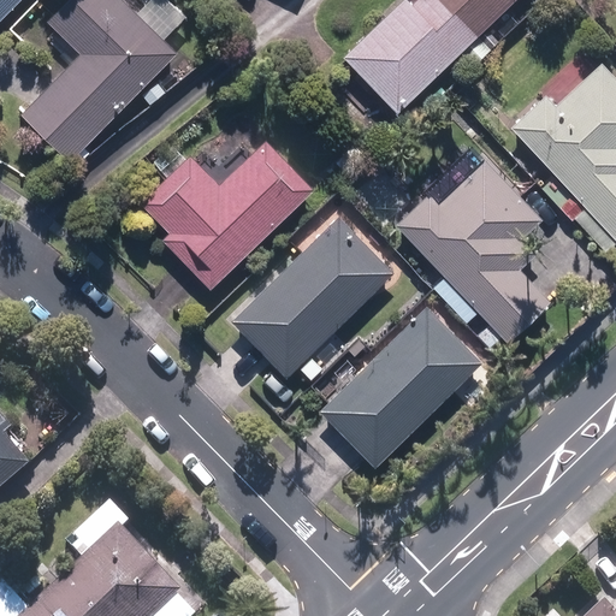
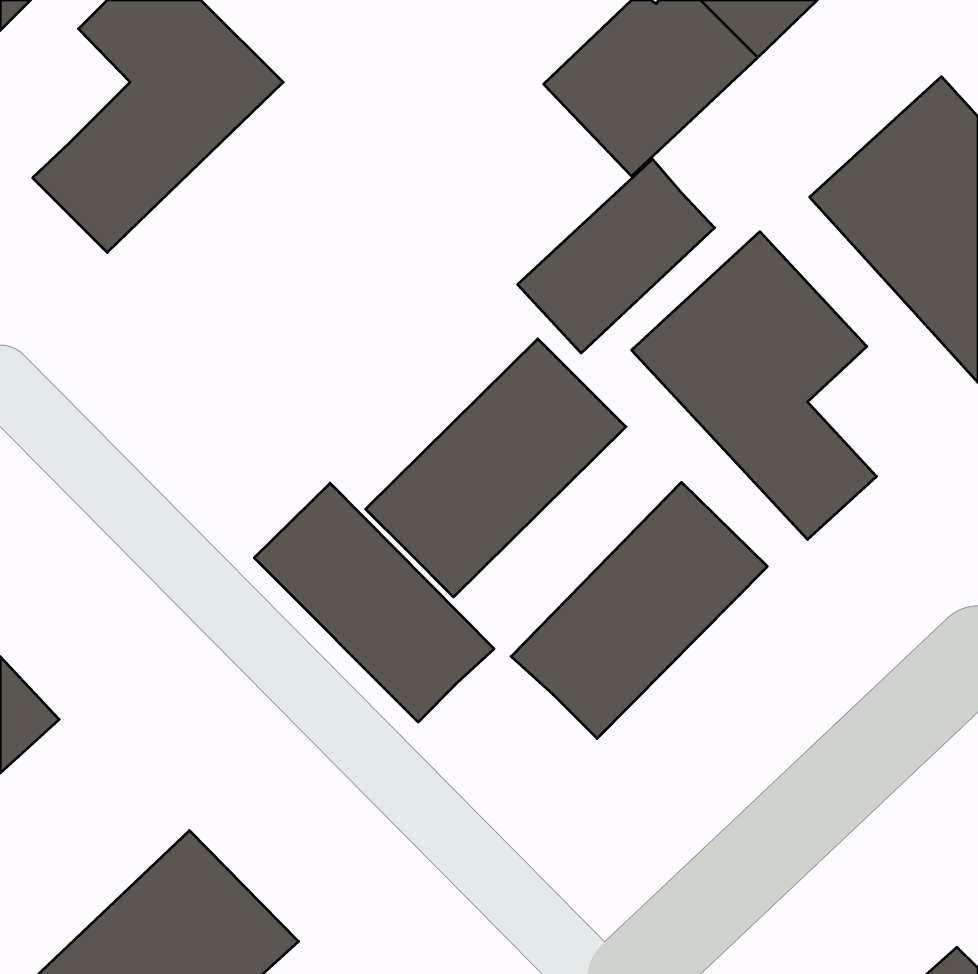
building: none -> [518,159,715,353]
building: [138,140,314,289] -> none
building: none -> [254,483,494,722]

